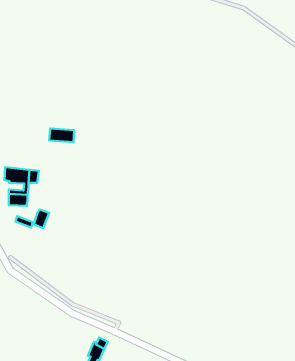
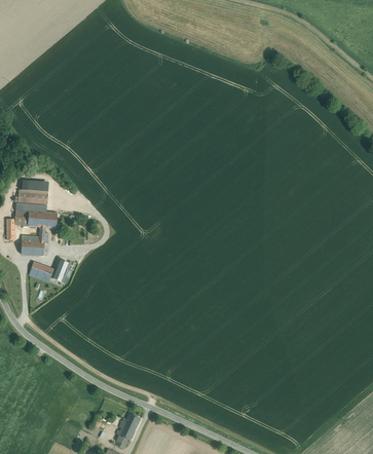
building: [49,128,74,142] -> [17,188,47,204]

